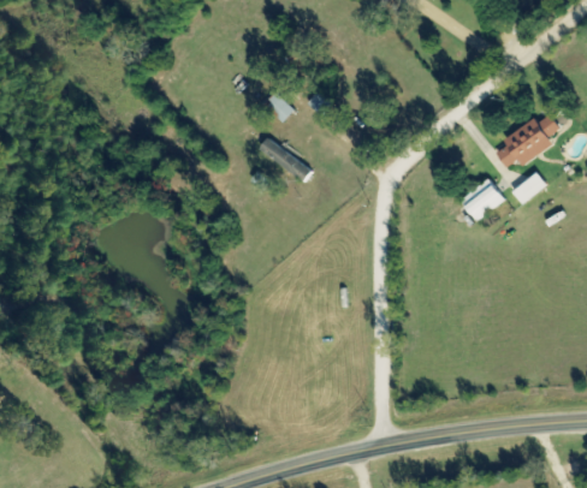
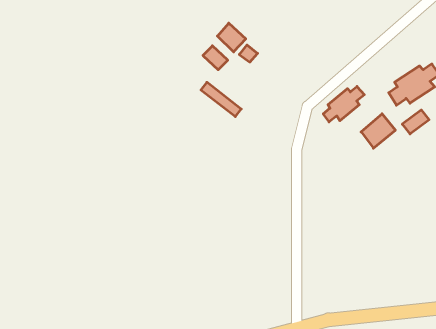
building: none -> [217,23,246,52]
building: none -> [323,86,364,122]

